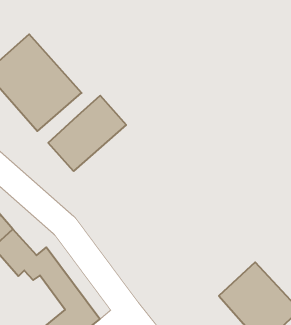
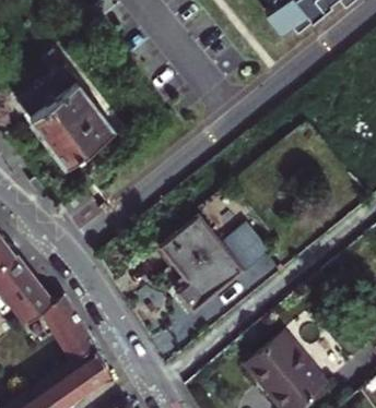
building: [48,96,126,171] -> none
building: none -> [163,226,270,322]

